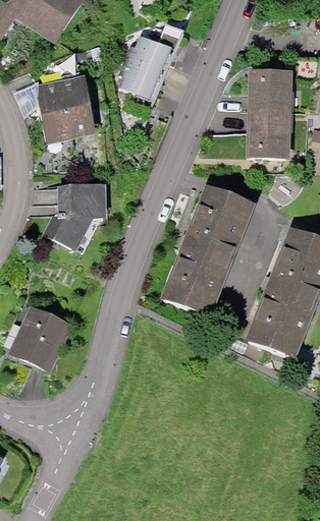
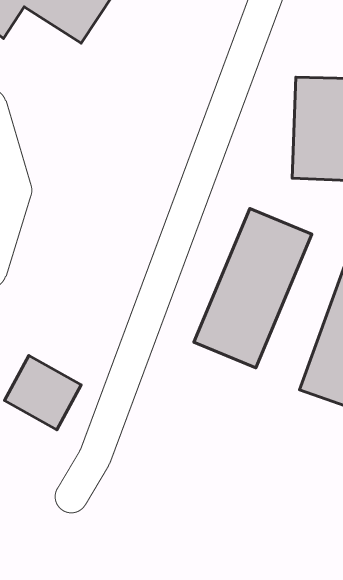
building: [122,38,174,98] -> none
building: [39,75,103,142] -> none
building: [47,185,112,252] -> none

